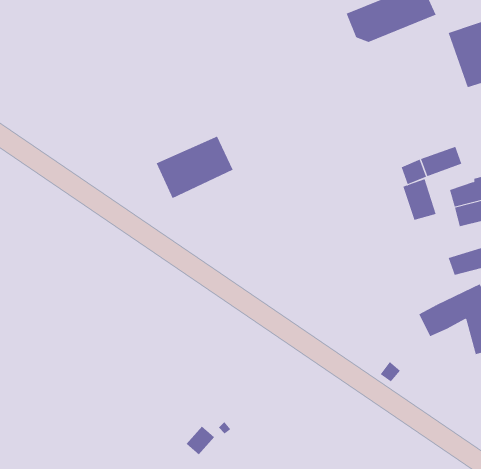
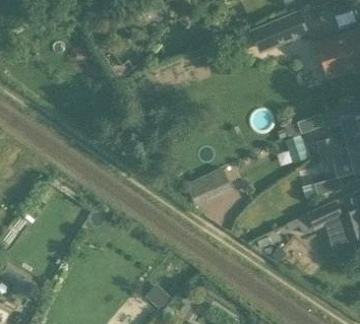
building: [156,136,234,199] -> [185,169,234,208]

